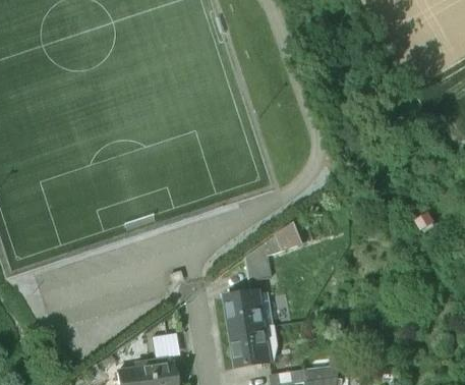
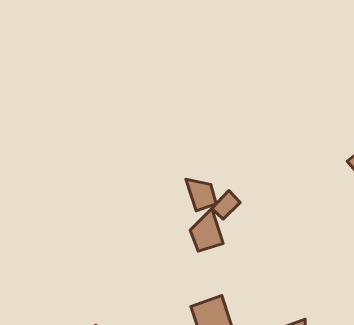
building: none -> [186,179,216,211]
building: [227,291,264,331] -> none

